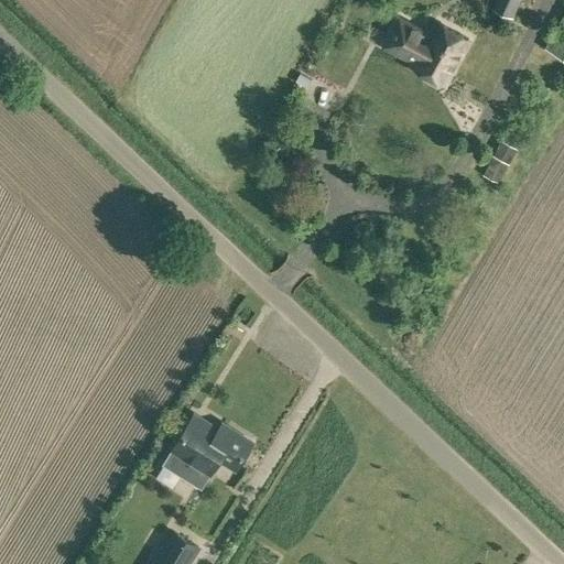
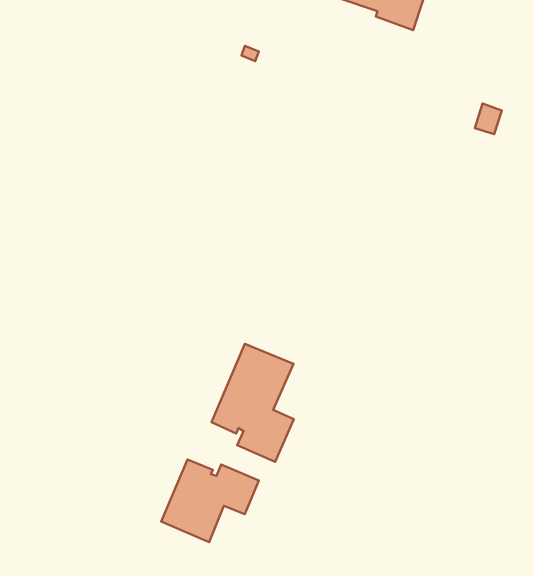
building: none -> [211,344,294,462]

